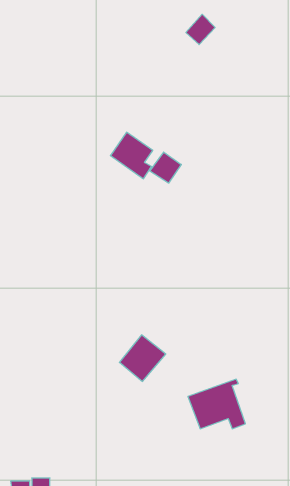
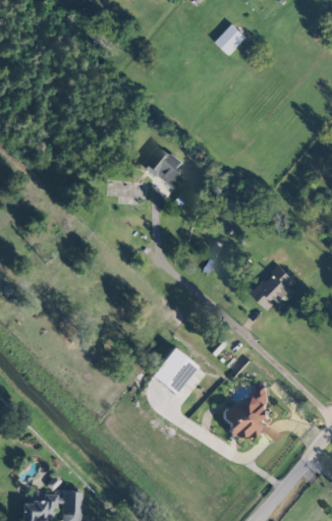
building: [150,152,181,183] -> none
building: none -> [253,265,298,310]

